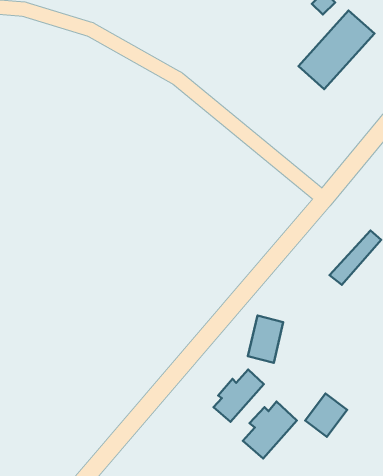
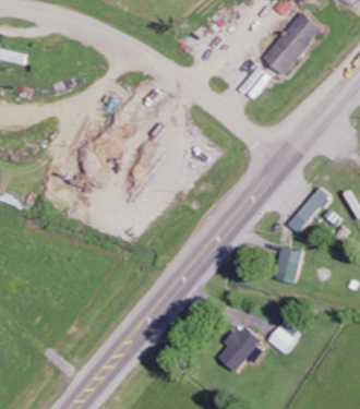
building: [248,315,283,363] -> [274,246,302,285]
building: [213,369,264,422] -> none

